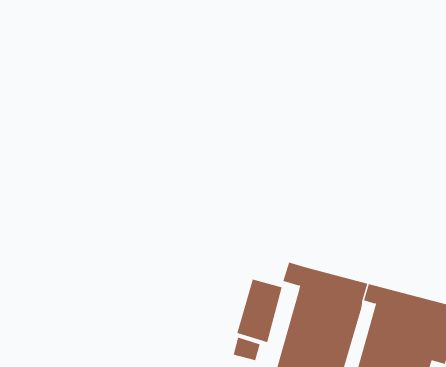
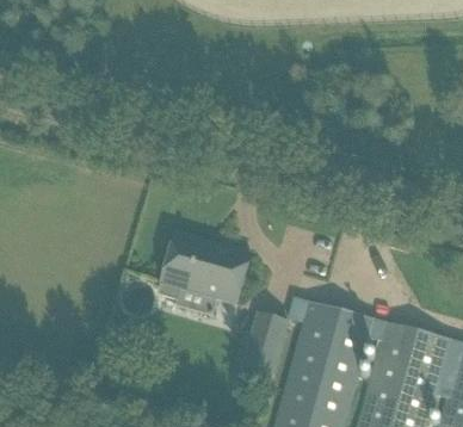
building: none -> [160,236,251,308]

